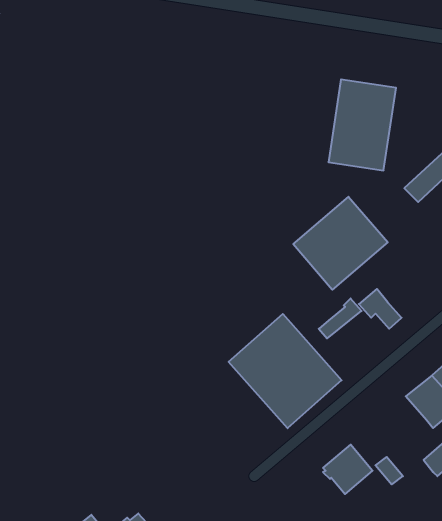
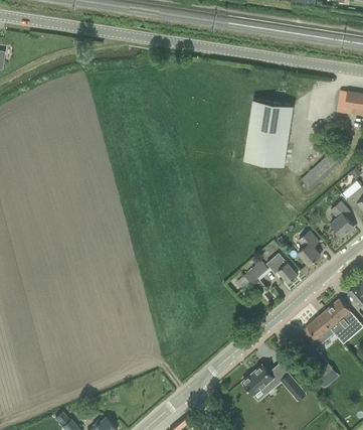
building: [293,197,388,290] -> none
building: none -> [299,230,321,264]
building: [229,314,342,428] -> none

